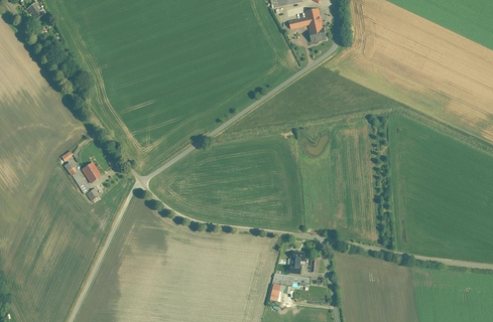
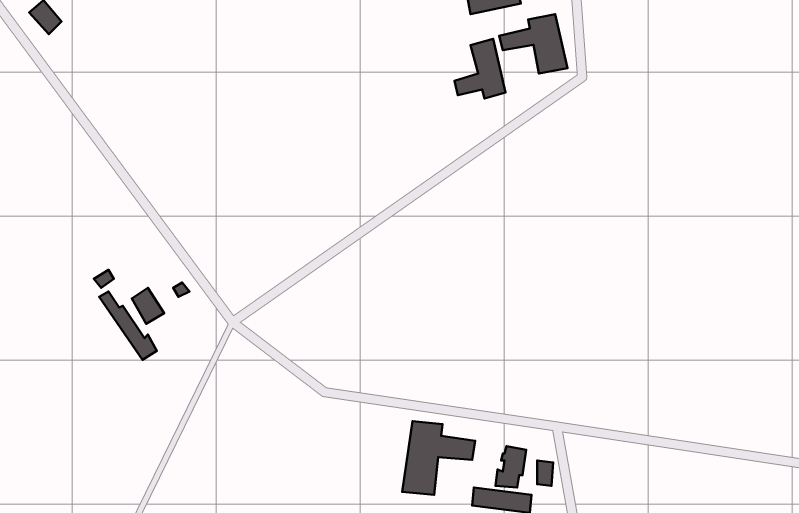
building: none -> [455,39,506,98]
building: none -> [402,421,475,495]

